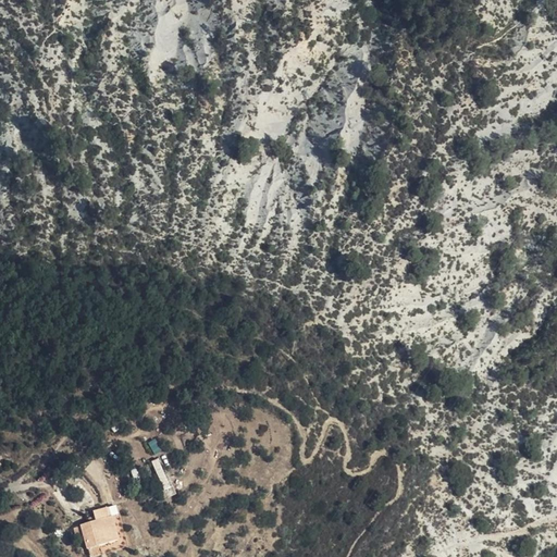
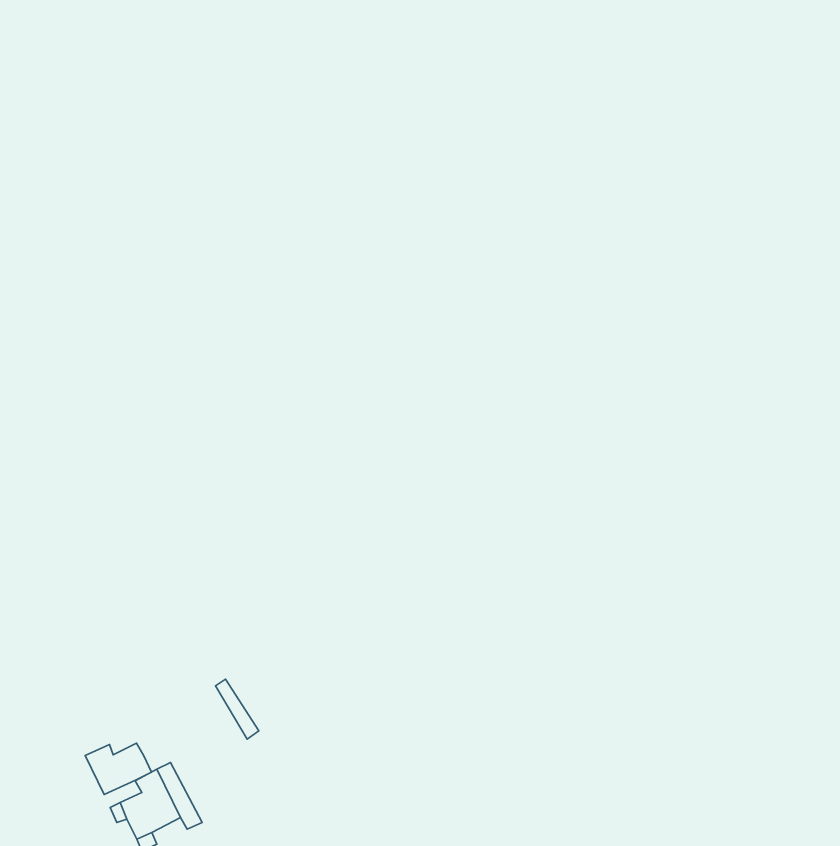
building: none -> [85,743,151,794]

